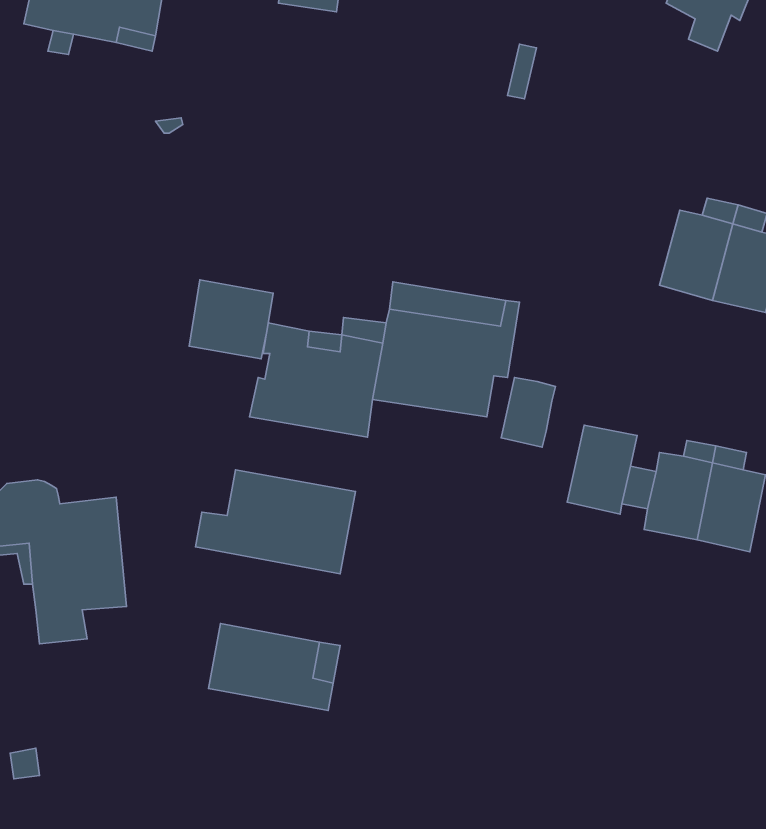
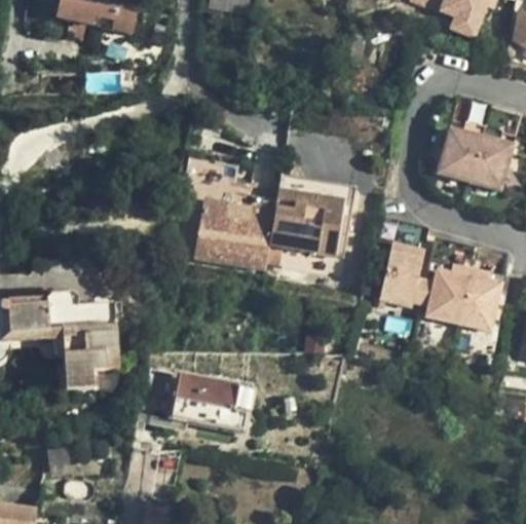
building: [189,280,273,359] -> none
building: [501,377,555,447] -> none
building: [195,470,355,574] -> none

